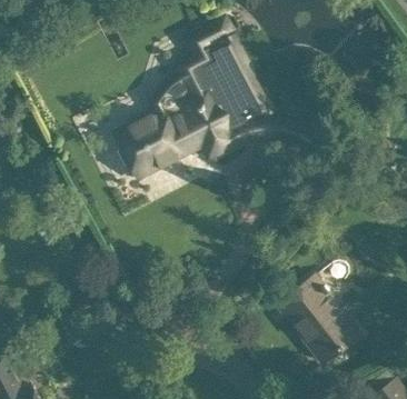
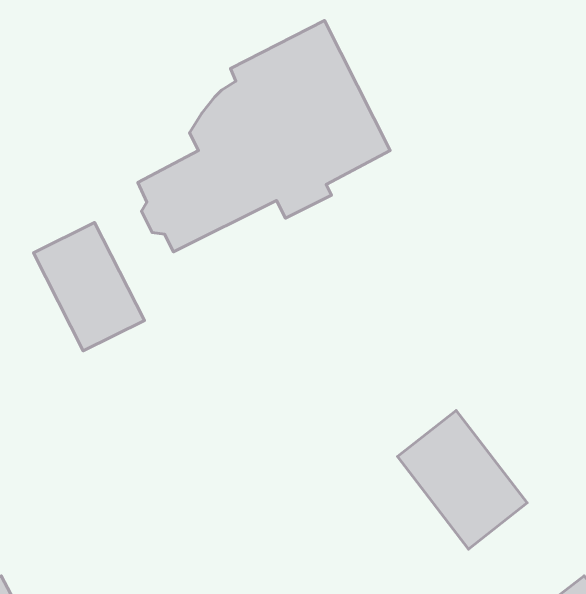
building: none -> [33,223,144,351]

